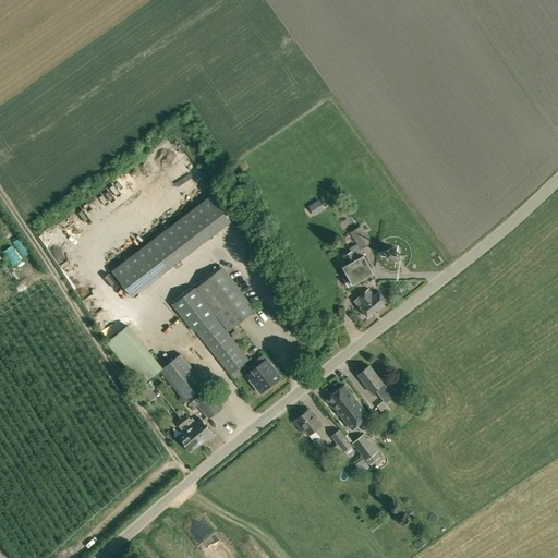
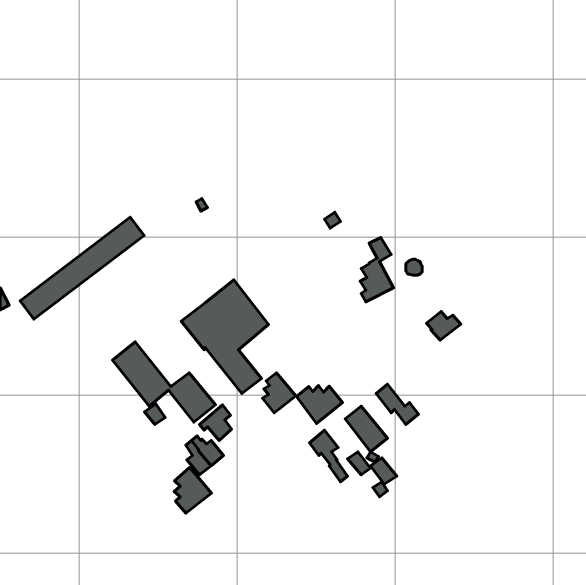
building: [111,192,229,289] -> [20,217,144,319]
building: [354,290,387,317] -> [426,312,461,340]
building: none -> [296,386,343,424]
building: none -> [174,467,211,513]

